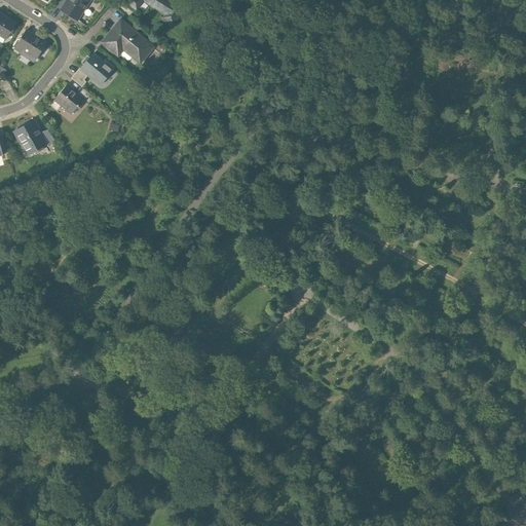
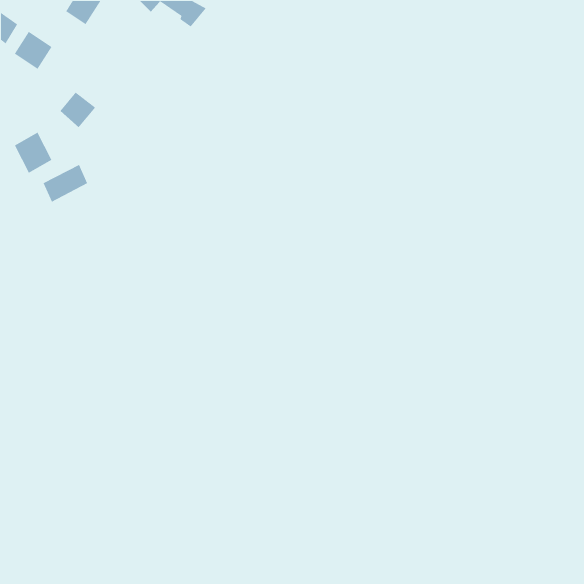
building: [99,16,156,66] -> none
building: [78,51,114,86] -> none
building: none -> [43,164,88,203]

